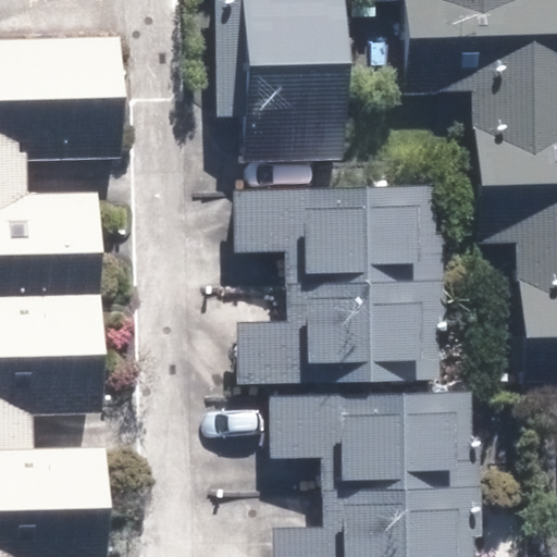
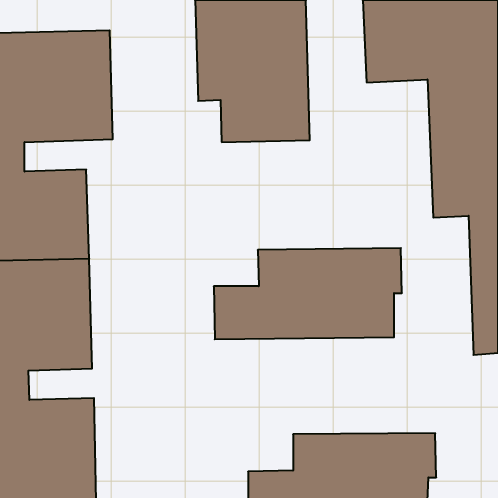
building: [234,184,445,281] -> none
building: [272,388,483,485] -> none

